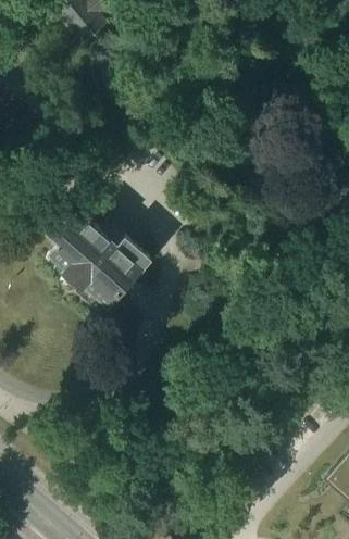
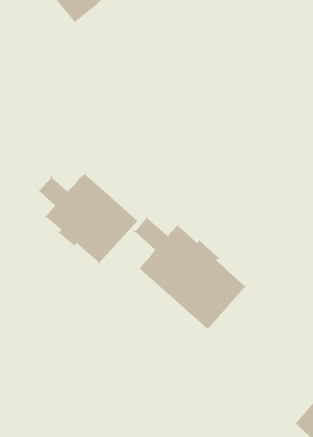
building: none -> [132,216,247,330]

